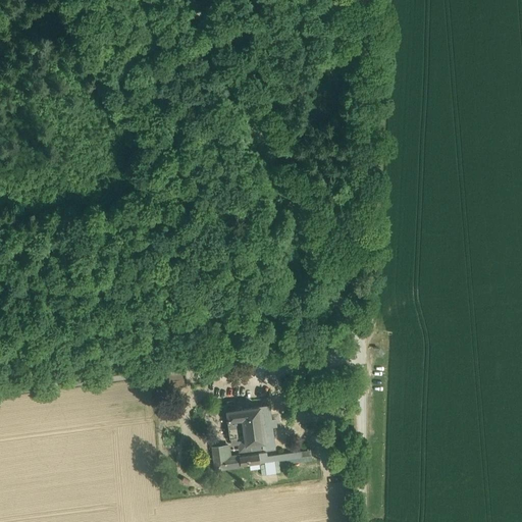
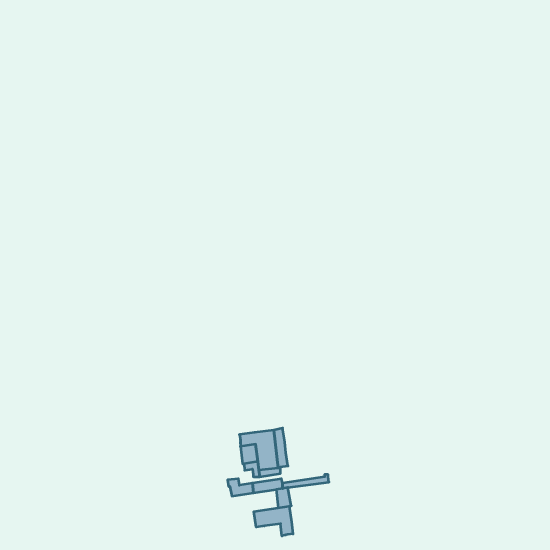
building: none -> [254,506,293,536]

